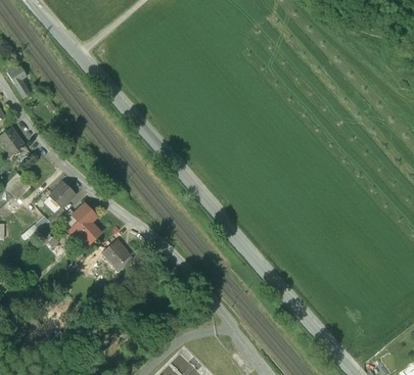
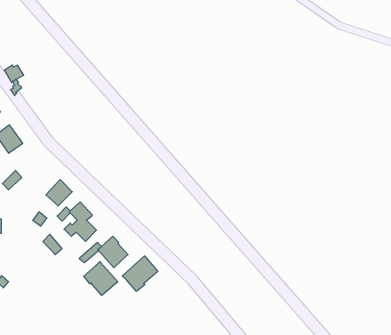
building: none -> [122,256,158,291]
building: none -> [84,262,118,295]

